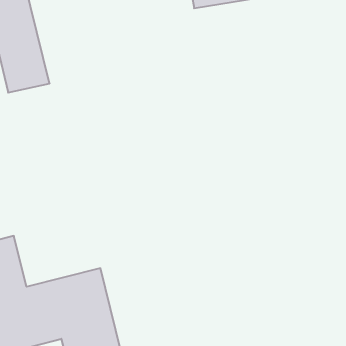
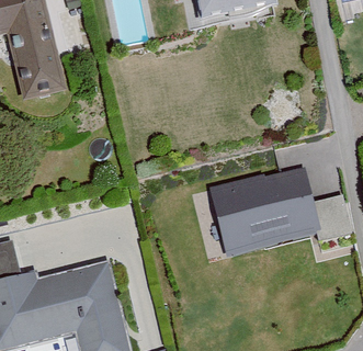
building: none -> [212,157,321,242]

